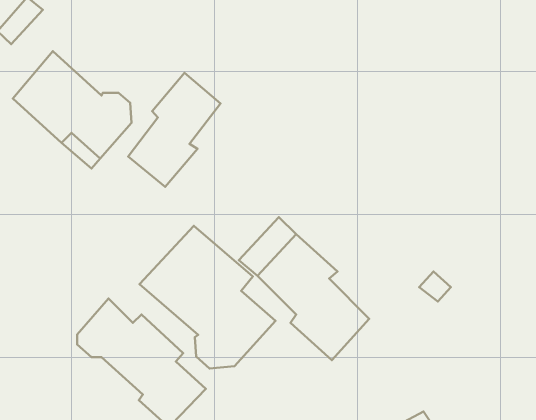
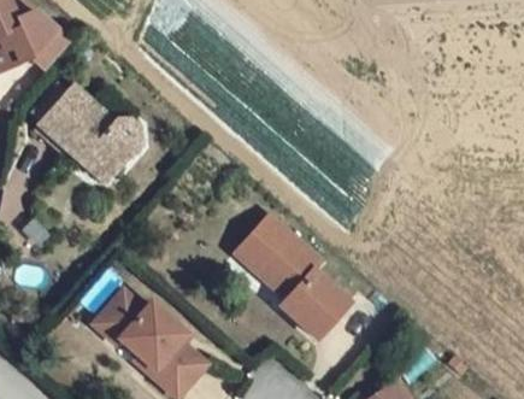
building: [128,73,220,187] -> none
building: [139,226,275,368] -> none

